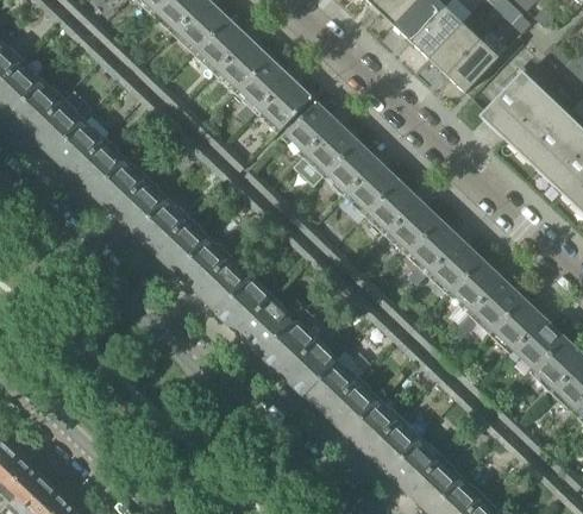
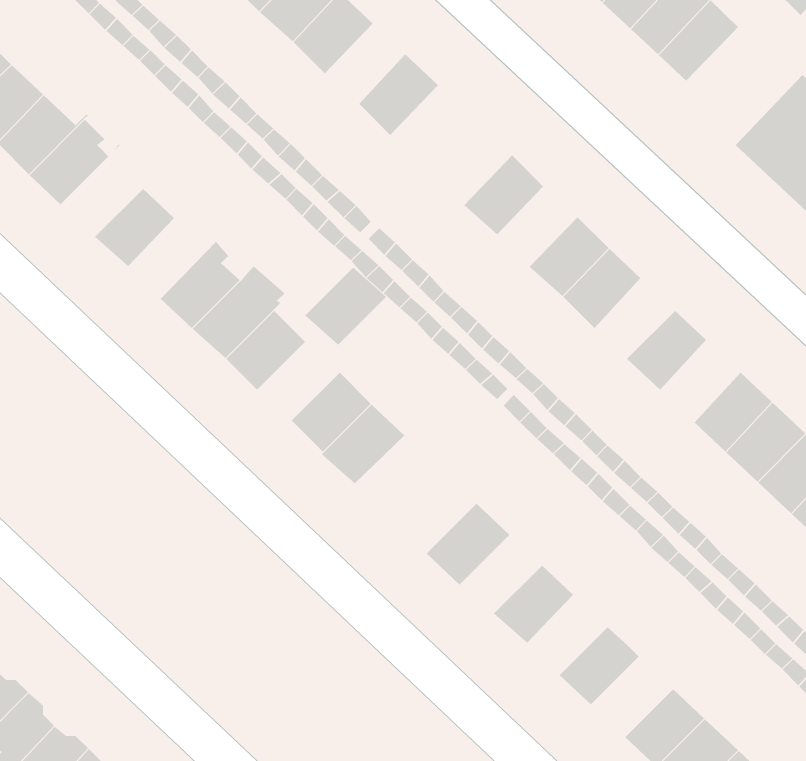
building: [218,38,269,89] -> none
building: [447,40,499,93] -> none
building: [259,77,311,130] -> none
building: [286,101,337,153] -> none
building: [50,115,108,174] -> none
building: [327,142,378,193] -> none
building: [93,162,149,213] -> none
building: [389,200,440,251] -> none
building: [431,239,482,292] -> none
building: [175,240,227,290] -> [304,267,387,345]
building: [237,300,314,375] -> none
building: [305,363,356,413] -> none
building: [346,401,397,452] -> none
building: [387,440,439,491] -> none

